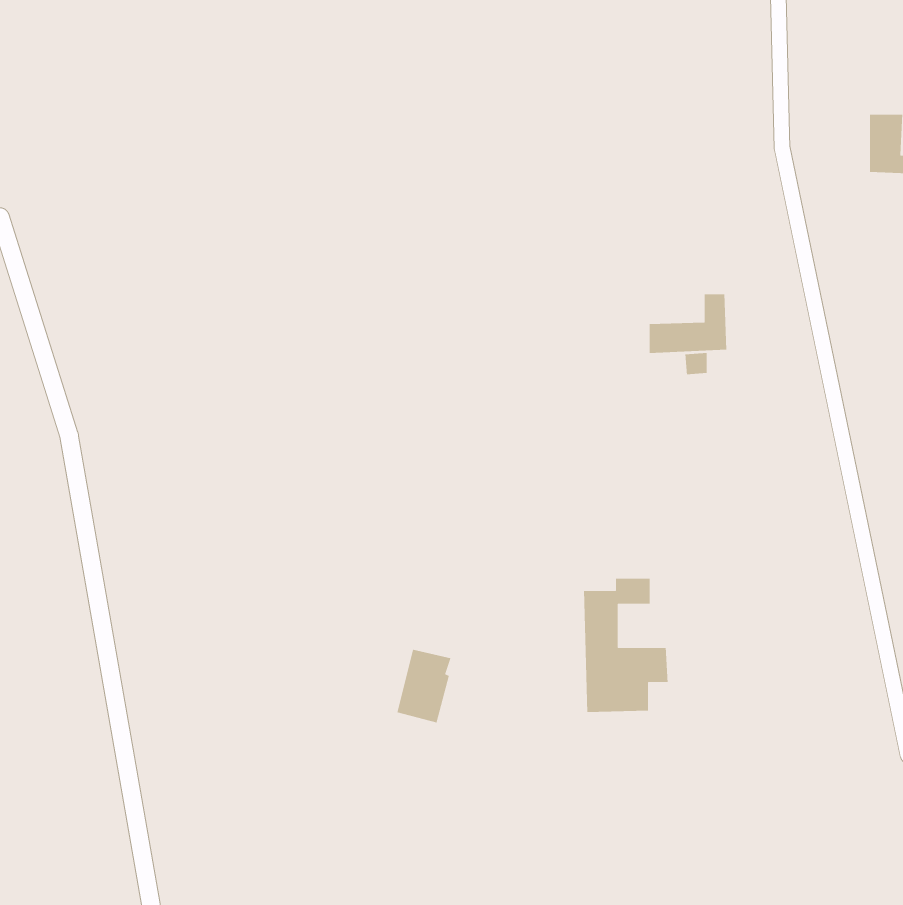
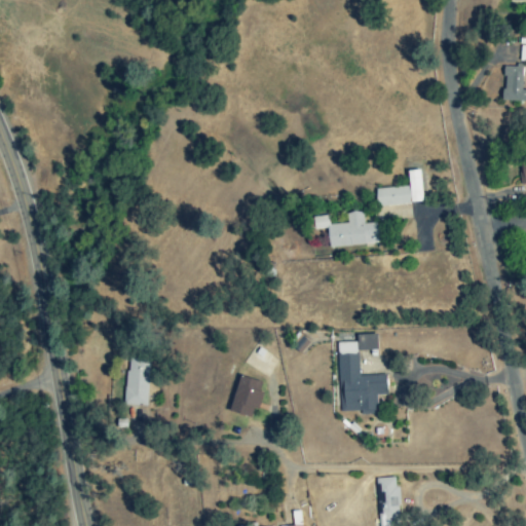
building: none -> [314,211,380,247]
building: none -> [127,358,150,405]
building: none -> [378,477,401,519]

